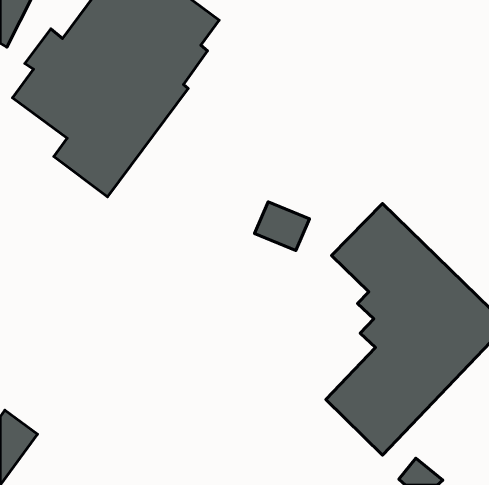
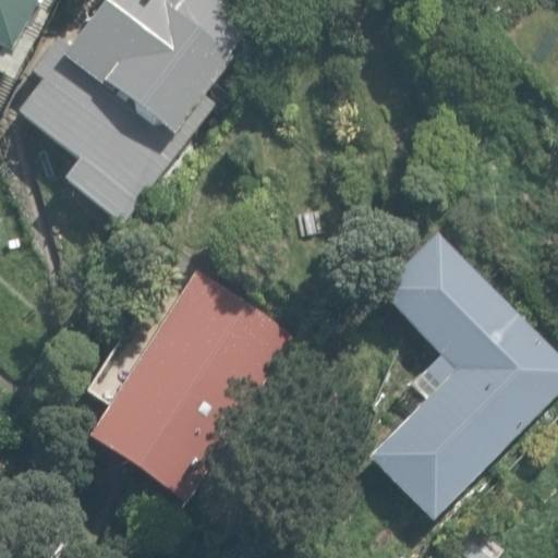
building: none -> [87,271,295,502]

